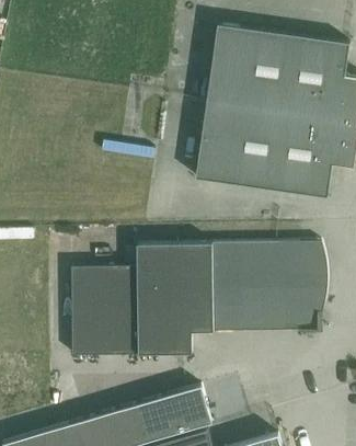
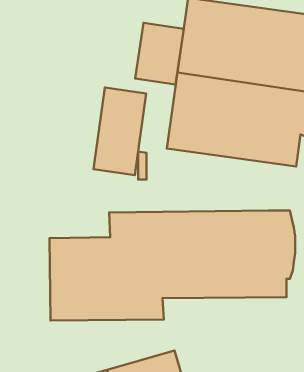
building: none -> [135,23,184,84]
building: none -> [93,87,146,175]

